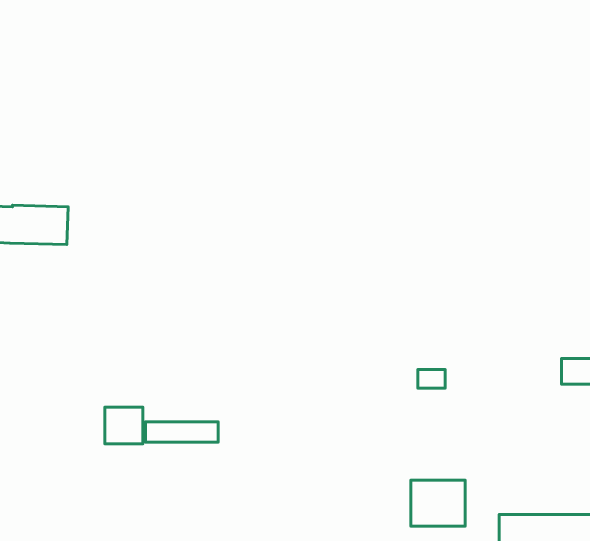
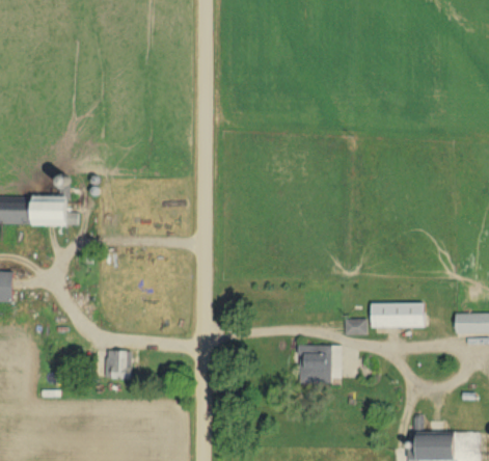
building: none -> [372,303,425,328]
building: [146,422,218,442] -> none
building: [411,480,465,526] -> [297,347,338,382]

